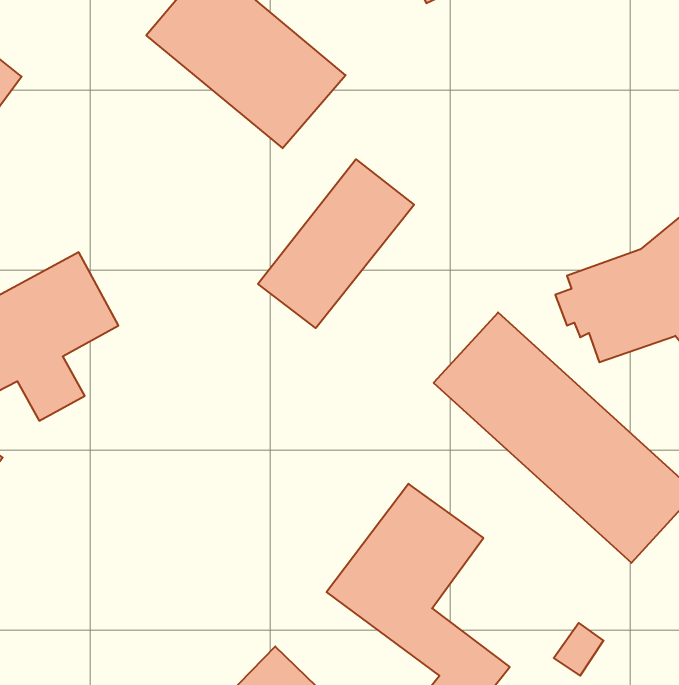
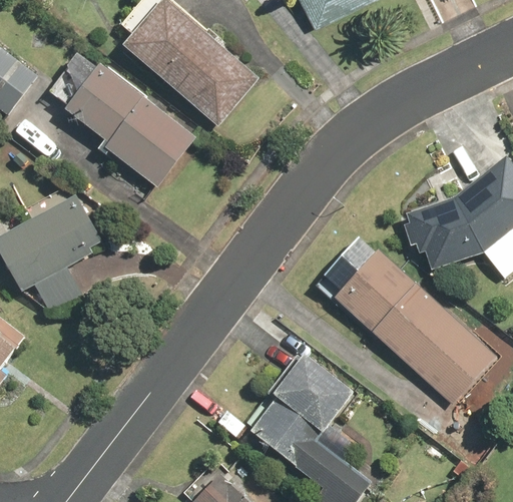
building: none -> [61,52,194,186]
building: [258,159,414,328] -> none

